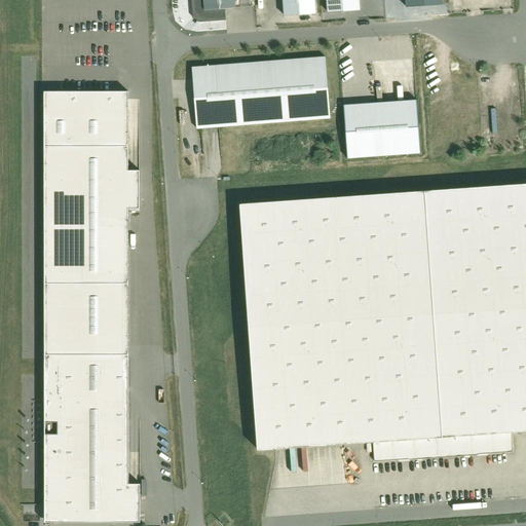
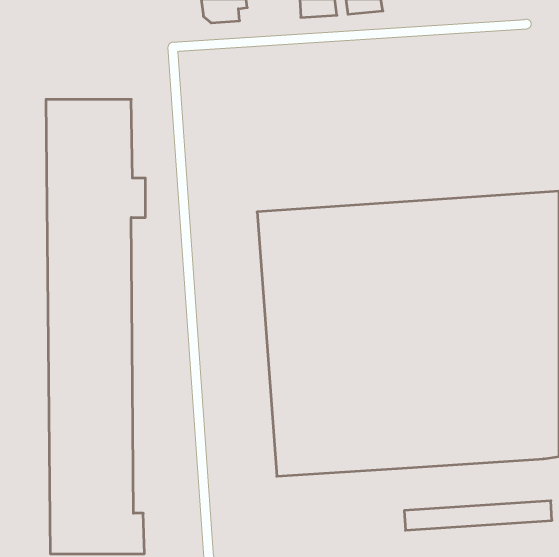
building: [193,55,328,129] -> none
building: [346,105,421,163] -> none
building: [373,431,512,459] -> [404,501,552,530]

